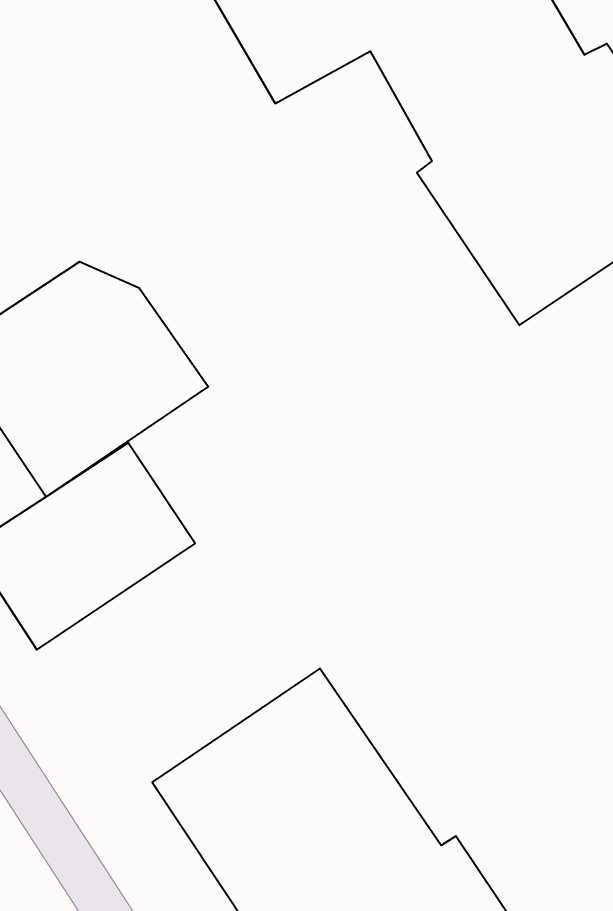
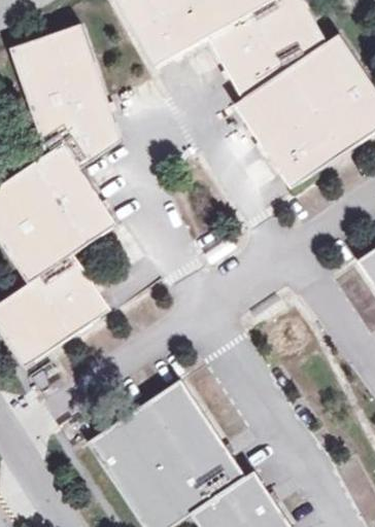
building: none -> [8,24,121,169]

